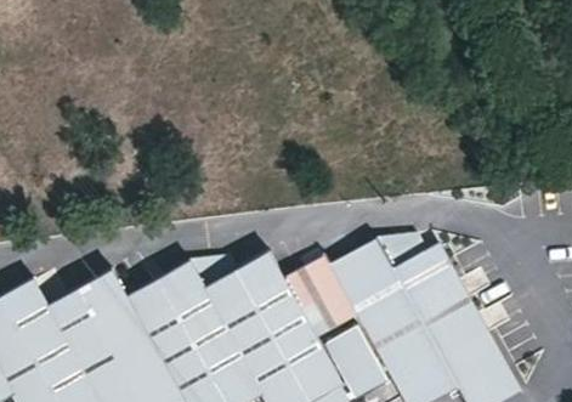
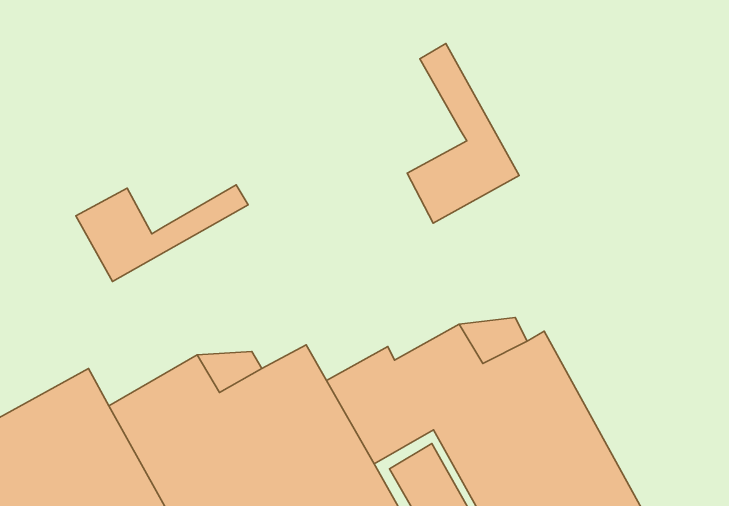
building: none -> [407,44,519,223]
building: none -> [76,185,248,281]

